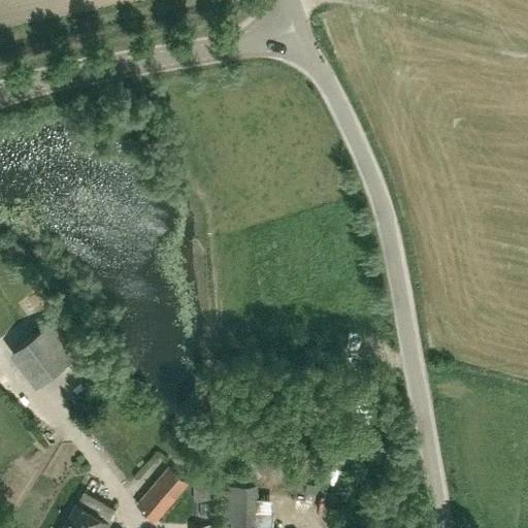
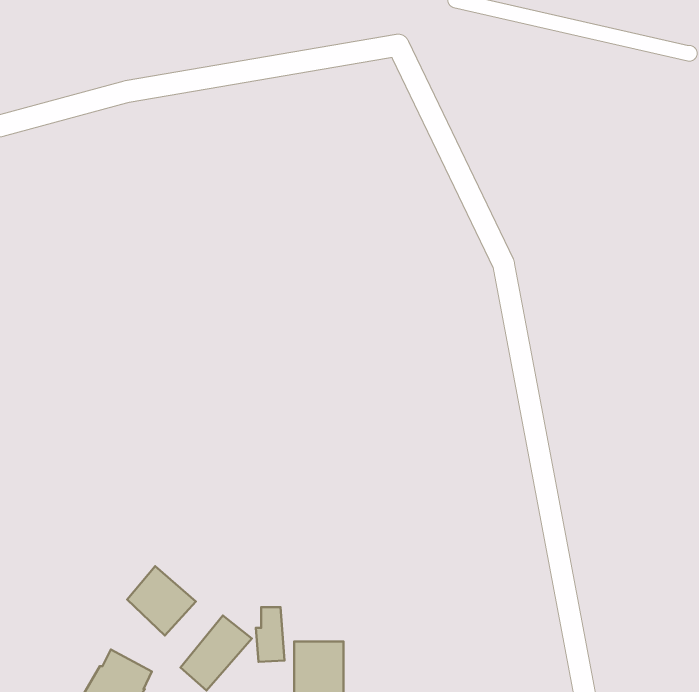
building: [9,323,80,391] -> none
building: none -> [127,566,196,636]

